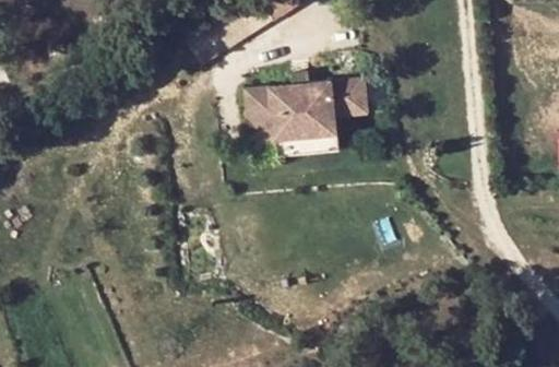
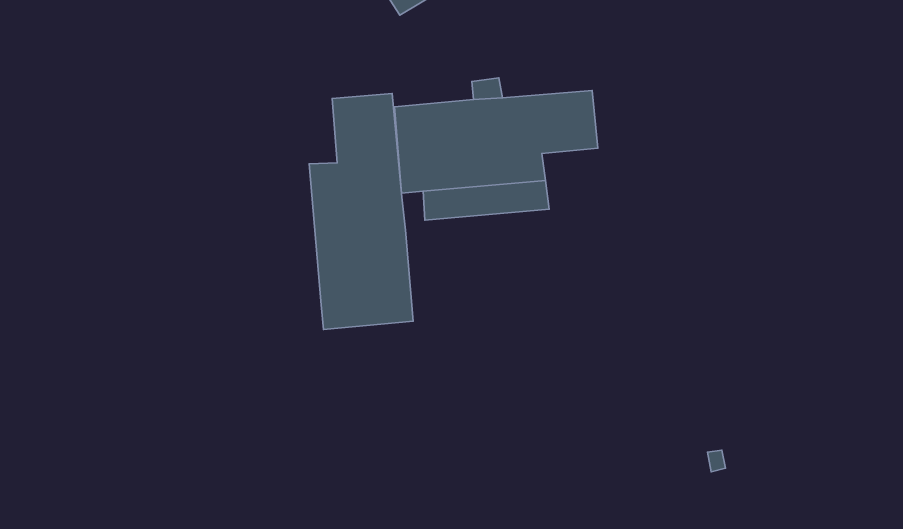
building: none -> [309,94,413,330]

